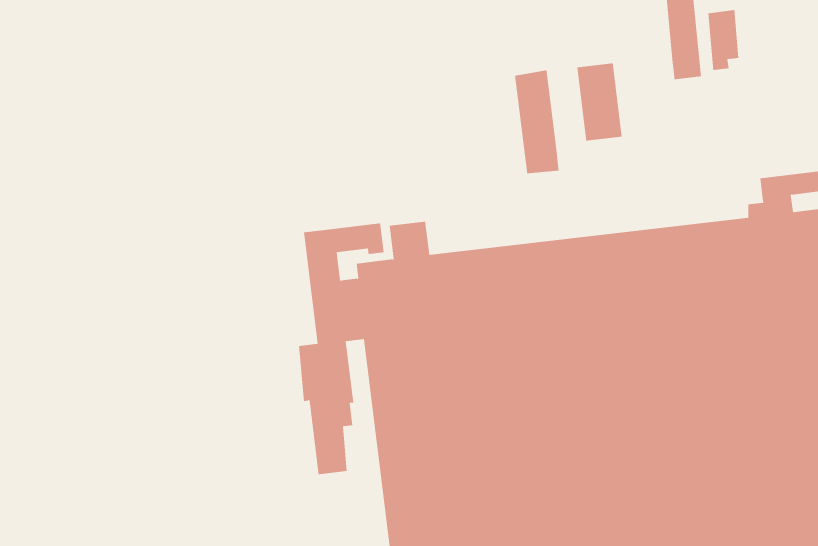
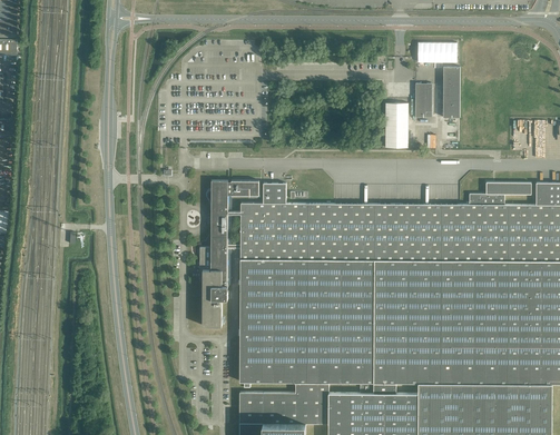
building: [707,10,739,71] -> [414,83,432,118]
building: [515,70,559,174] -> none

